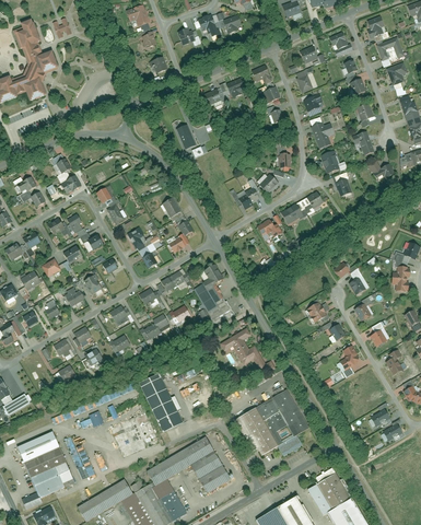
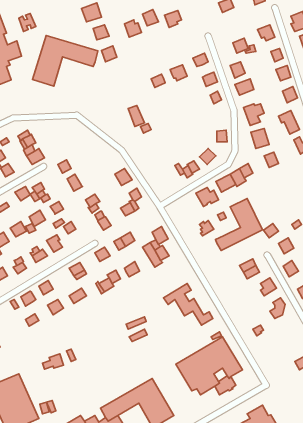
building: none -> [33,35,98,86]
building: none -> [216,198,263,250]
building: [138,375,183,434] -> none

